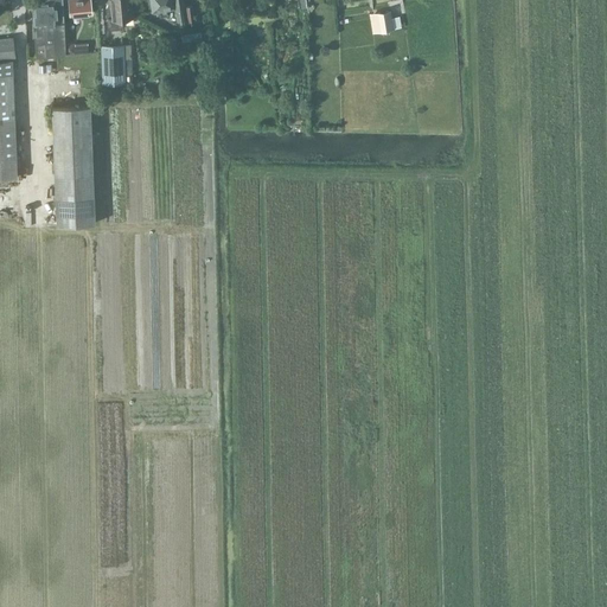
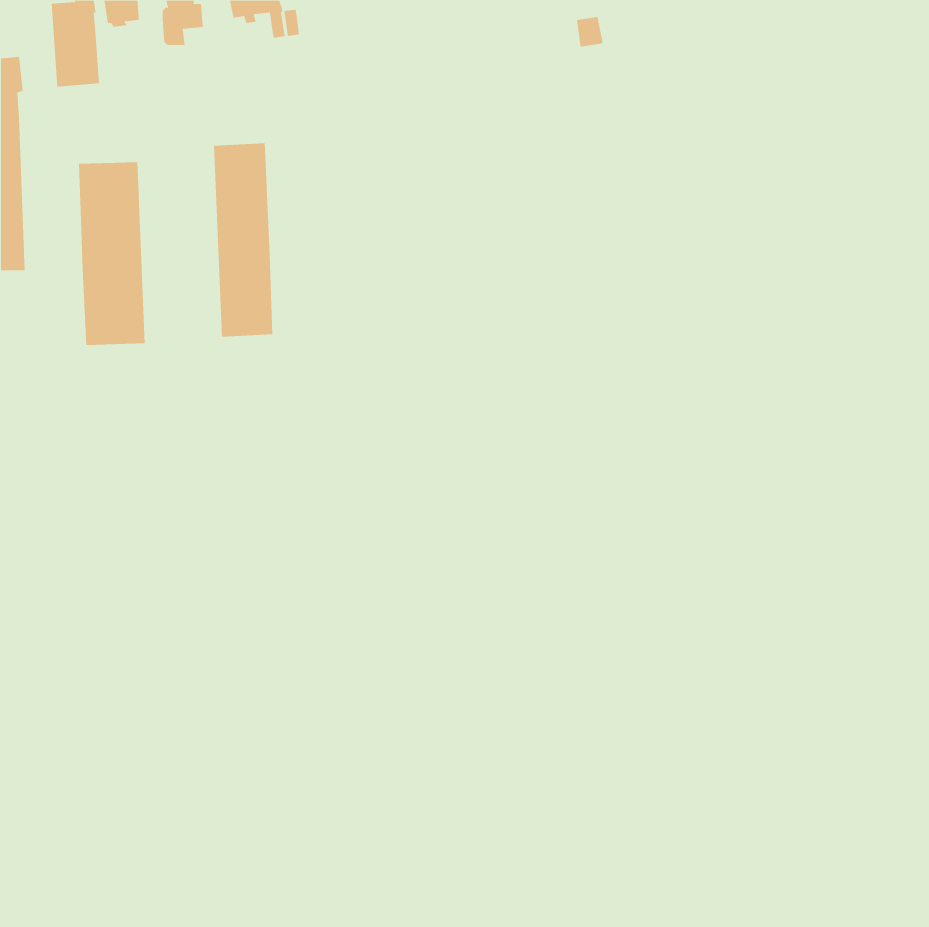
building: [101,45,124,84] -> none
building: none -> [214,143,273,338]

